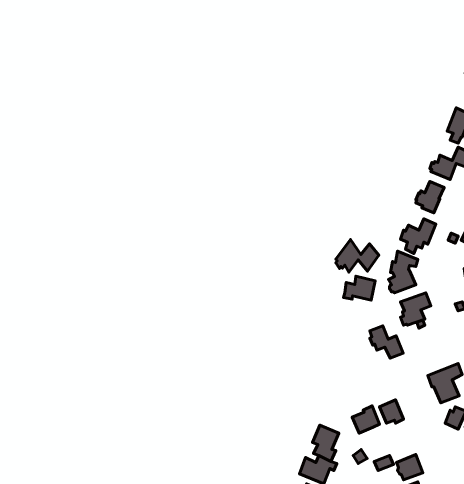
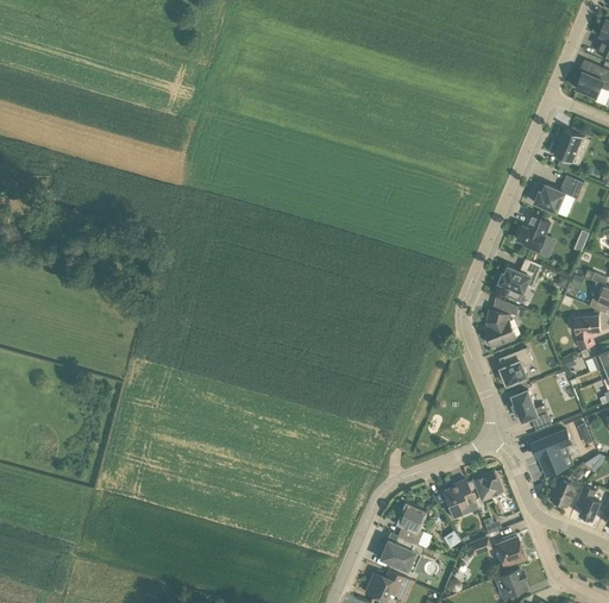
building: [336,240,379,272] -> none
building: [343,276,375,300] -> none
building: [370,326,403,358] -> [515,392,554,431]

